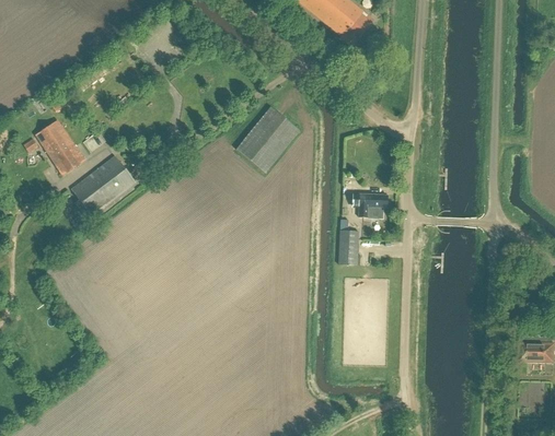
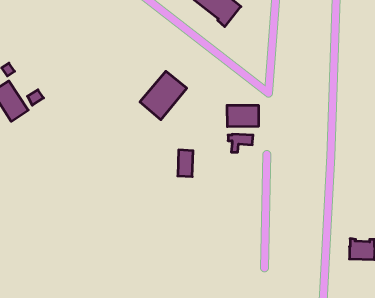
building: none -> [227,105,258,127]
building: [71,156,135,215] -> none
building: [337,231,358,267] -> [178,150,193,177]

